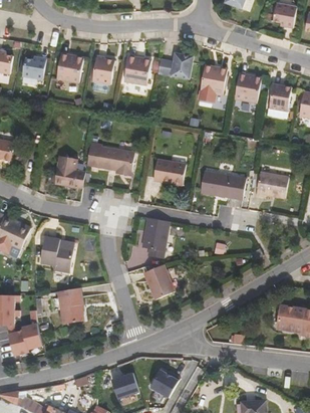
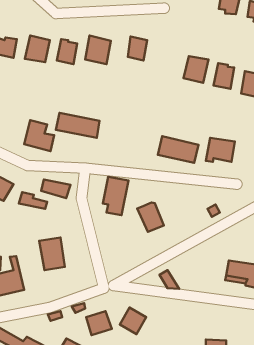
building: [194,72,221,102] -> none
building: [152,158,184,182] -> none
building: [38,249,71,270] -> [41,179,71,198]
building: [143,270,174,303] -> [137,202,164,232]

